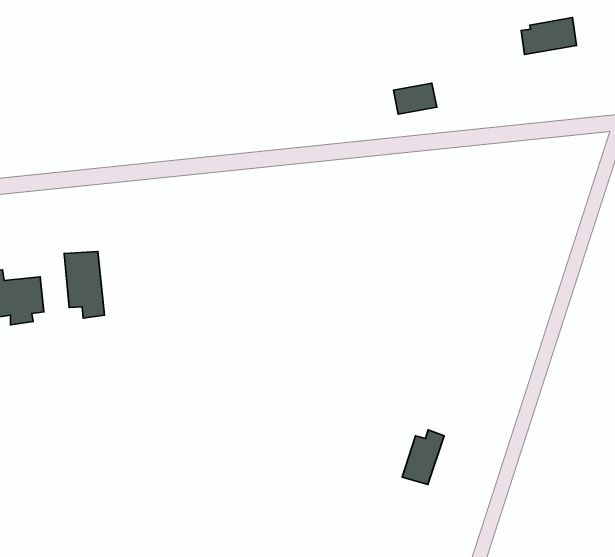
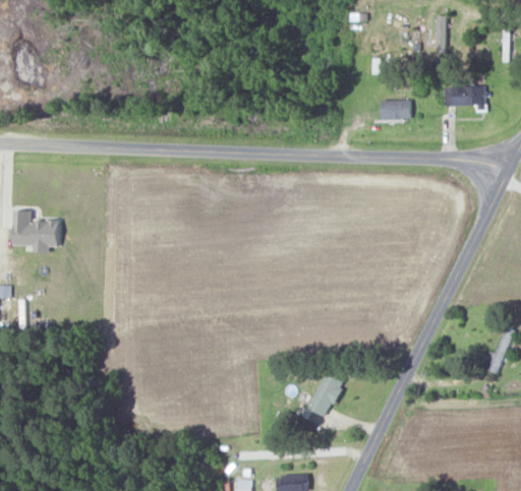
building: [393,83,437,114] -> [381,99,411,118]
building: [64,251,104,318] -> none

